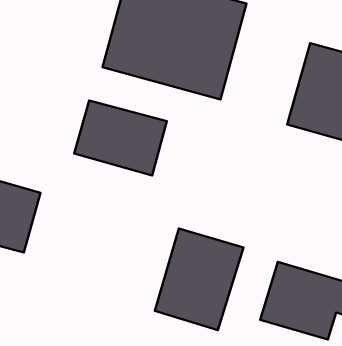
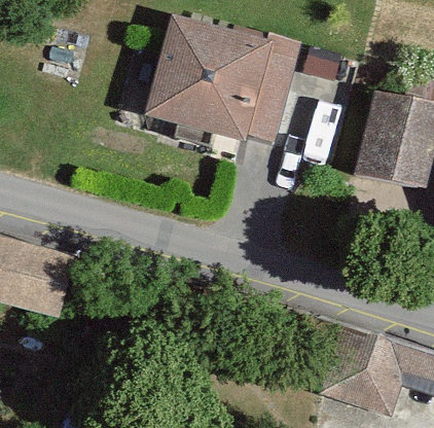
building: [74,101,167,175] -> none
building: [155,228,243,330] -> none

